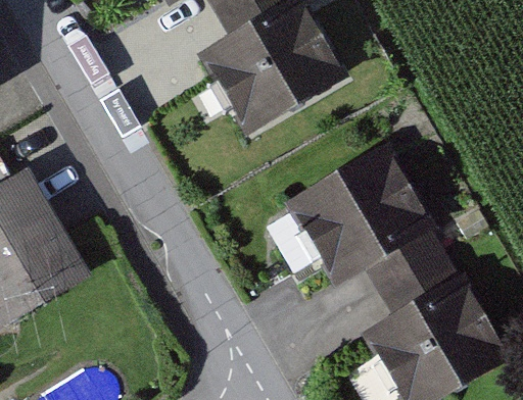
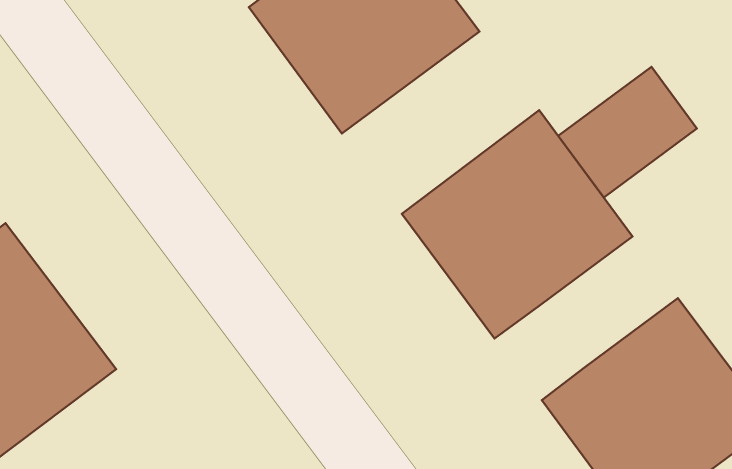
building: [367,228,459,310] -> [558,67,697,198]

